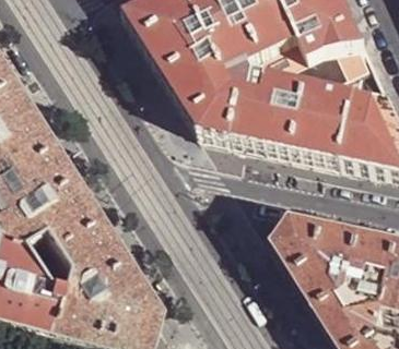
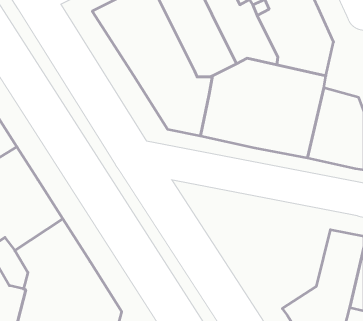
building: [273,216,364,309] -> none

